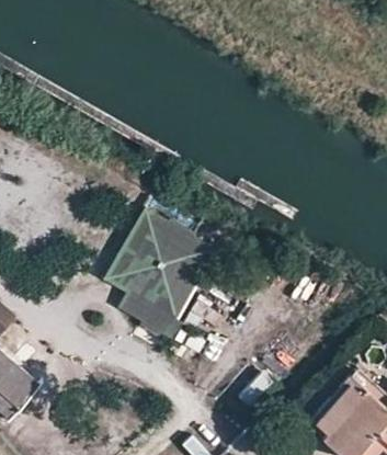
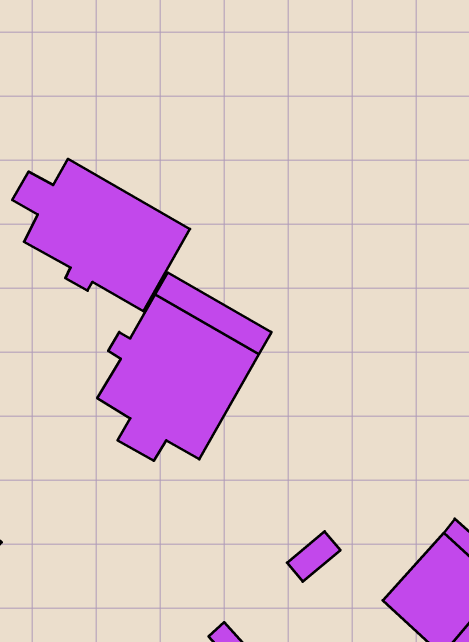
building: none -> [12,159,190,311]

